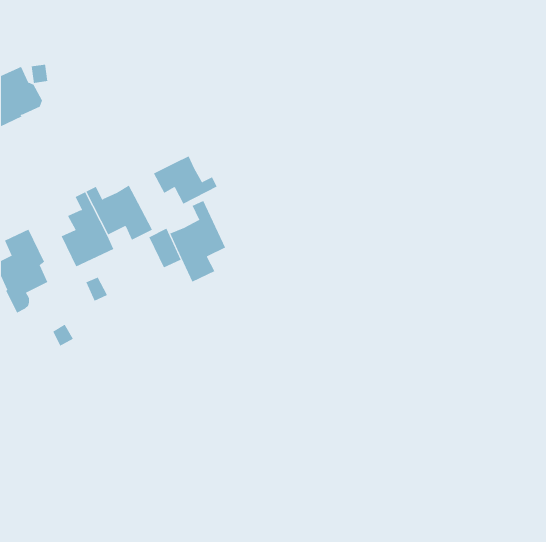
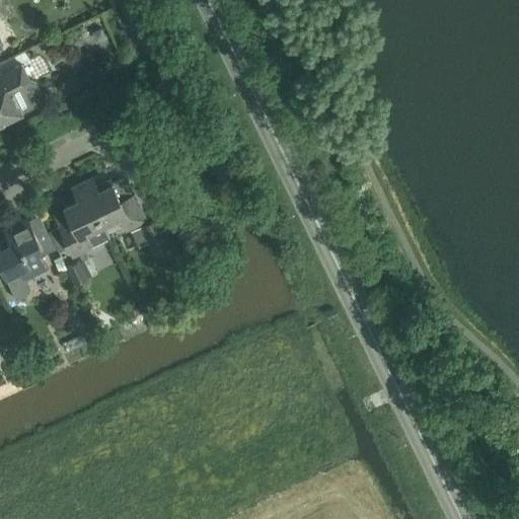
building: [153,155,218,204] -> none
building: [169,200,226,282] -> none

